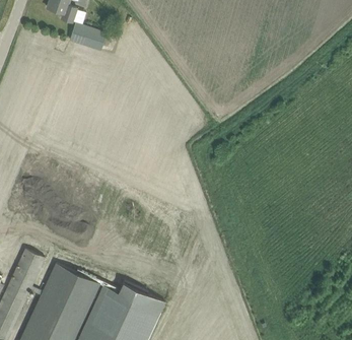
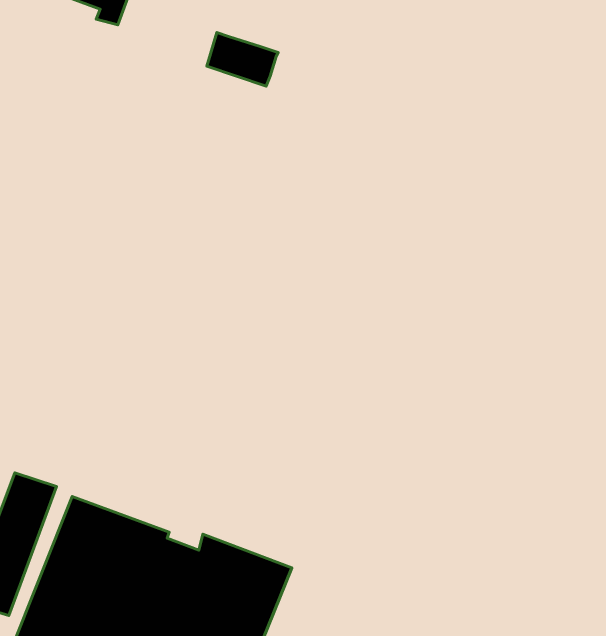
building: [70,23,107,51] -> [207,33,278,86]

